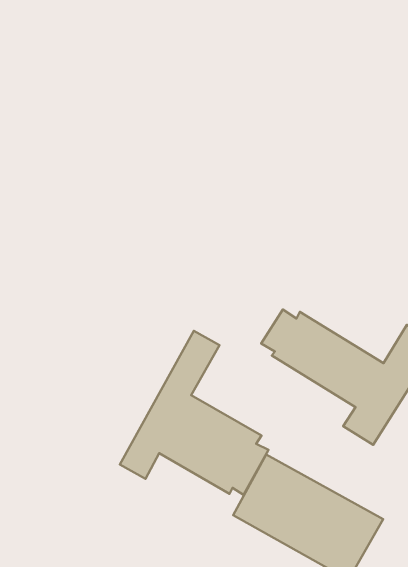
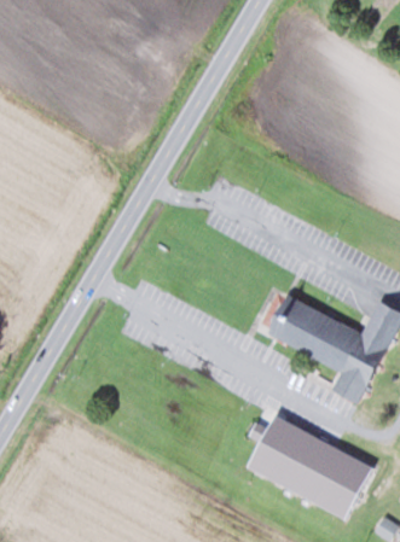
building: [120,331,268,495] -> none

